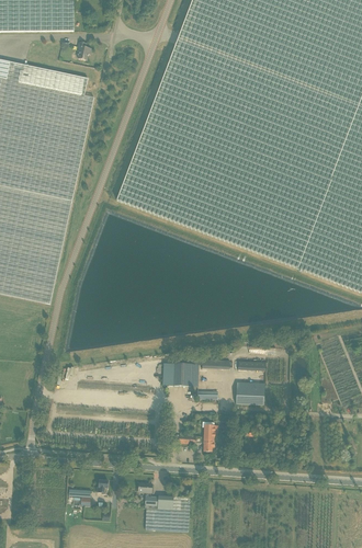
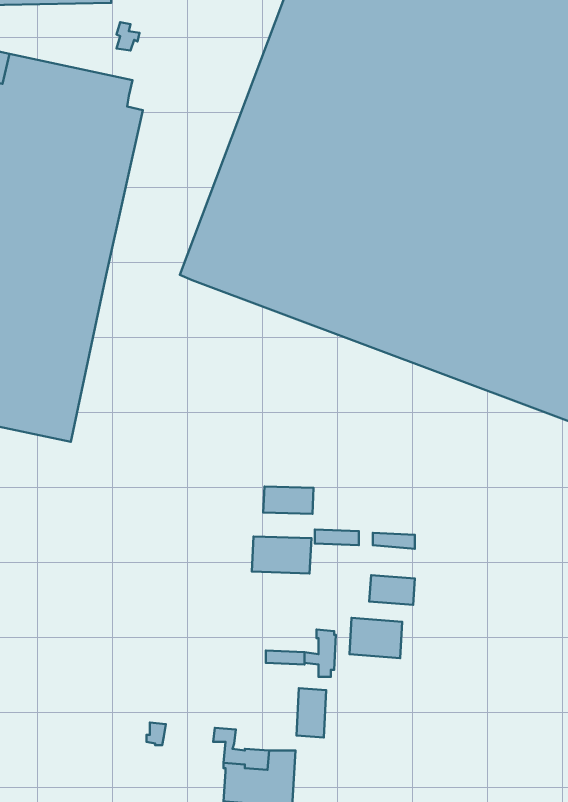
building: none -> [263,486,314,514]
building: none -> [349,618,402,658]
building: none -> [296,688,326,737]

